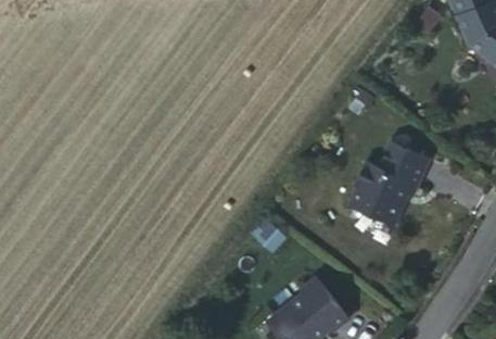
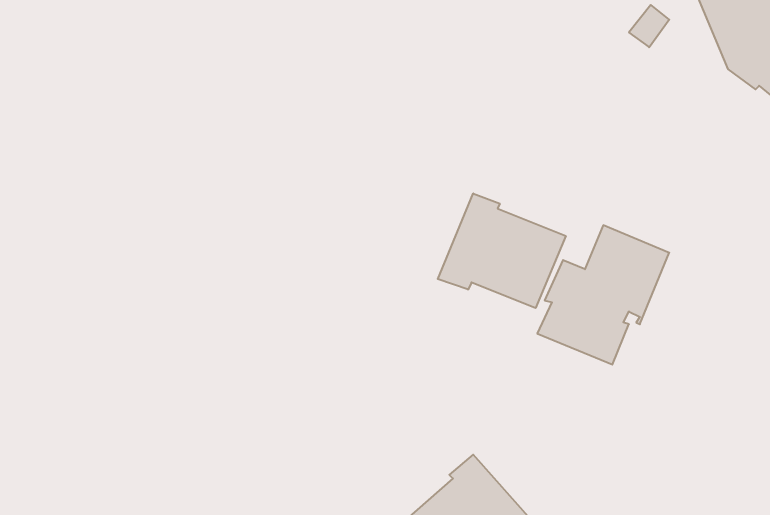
building: none -> [438,193,566,308]

